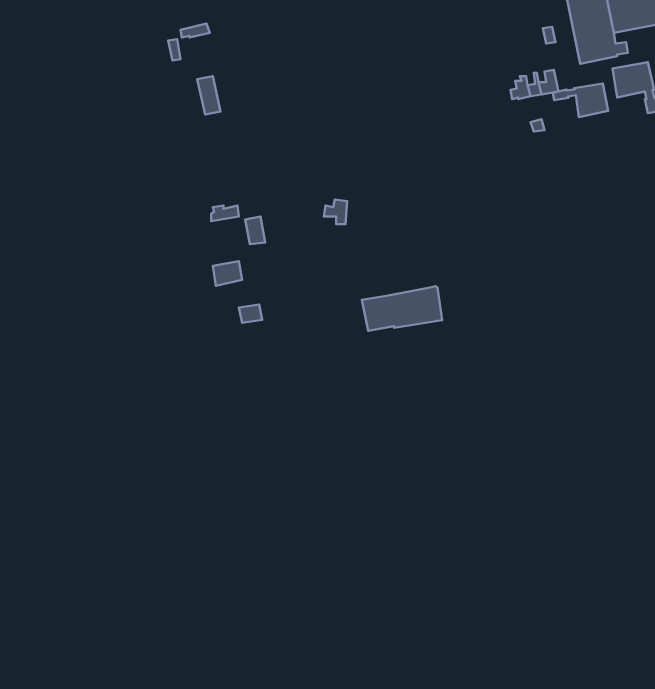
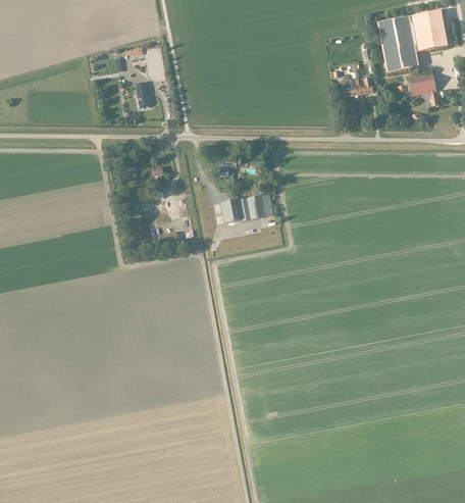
building: [553,83,608,117] -> none
building: [362,286,442,331] -> [221,192,274,221]

